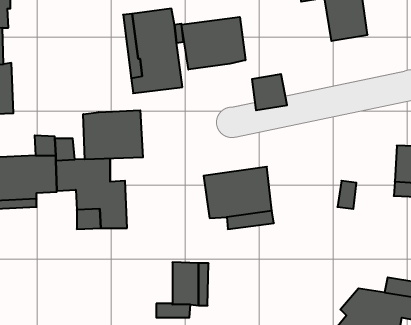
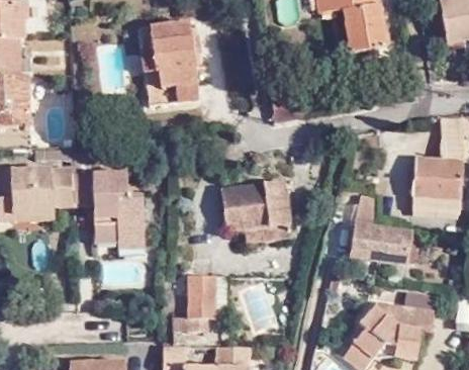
building: [182,17,245,70] -> none
building: [83,110,143,159] -> none
building: none -> [349,222,413,265]

